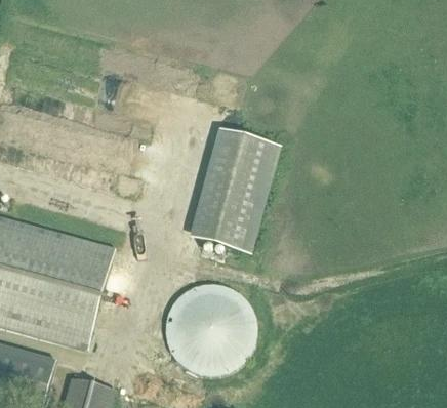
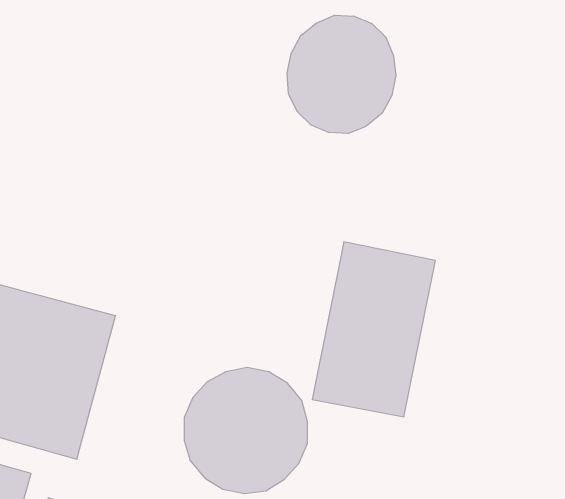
building: none -> [287,15,396,134]
building: [186,135,274,260] -> [312,242,435,417]

